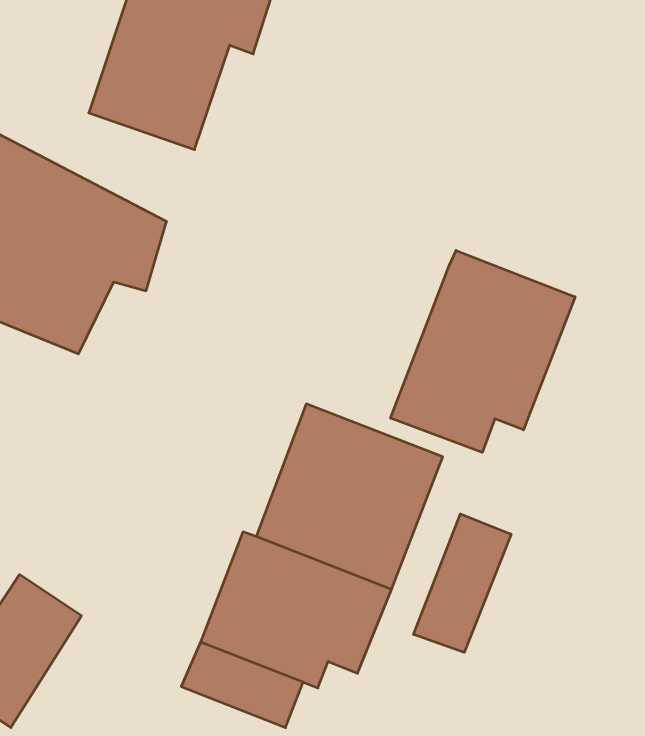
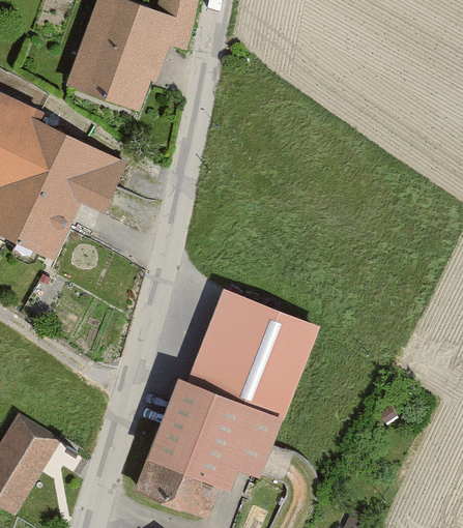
building: [391,250,575,452] -> none
building: [414,514,511,652] -> none

